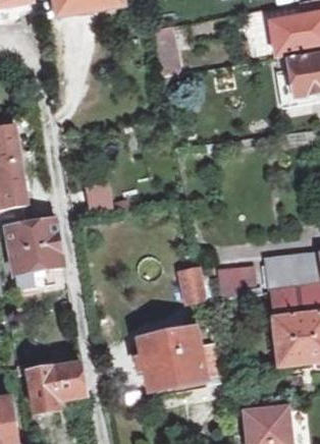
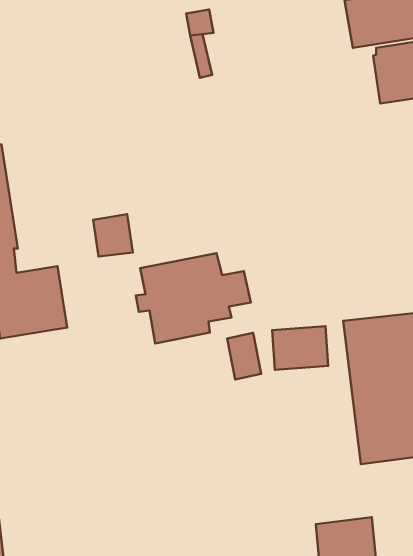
building: [134,326,219,393] -> [136,253,251,343]
building: [15,355,85,410] -> none

